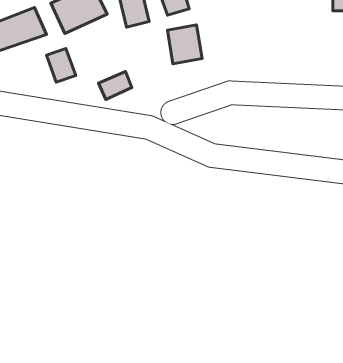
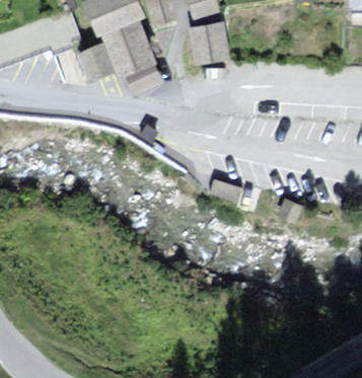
building: none -> [104,24,149,75]

